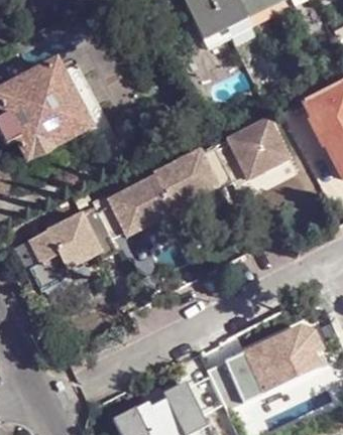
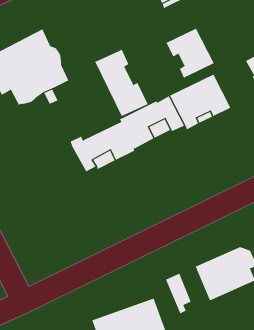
building: none -> [166,28,215,79]
building: none -> [95,49,148,117]
building: [14,205,115,286] -> none

